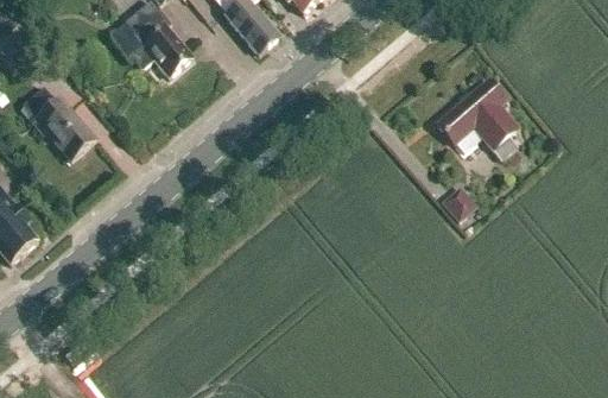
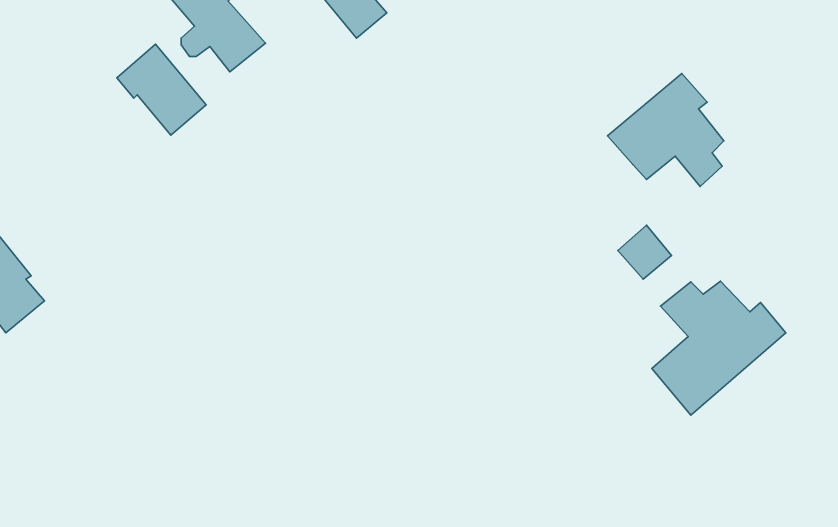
building: [31,94,94,158] -> [117,44,206,135]
building: none -> [652,281,786,415]

